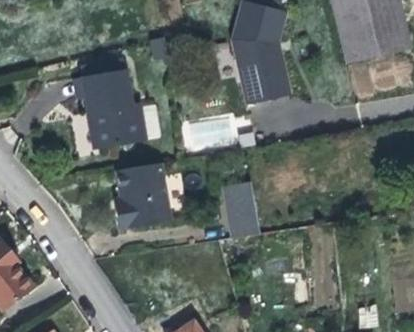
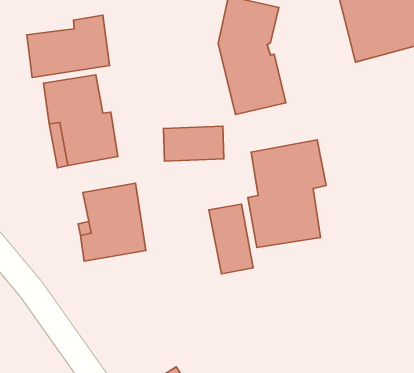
building: none -> [27,15,110,78]
building: none -> [248,140,326,247]

